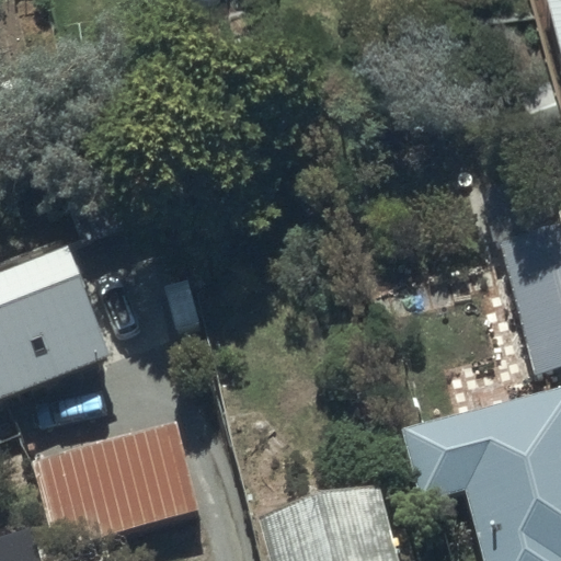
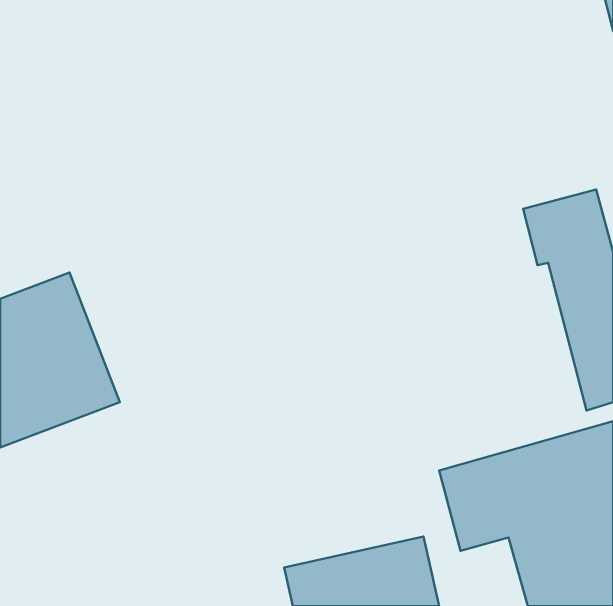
building: [32,423,195,547] -> none

